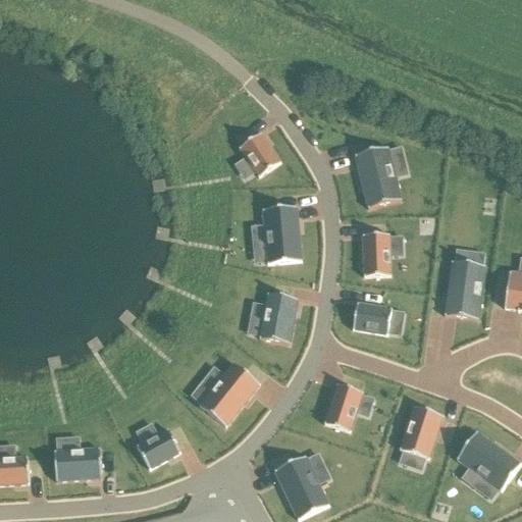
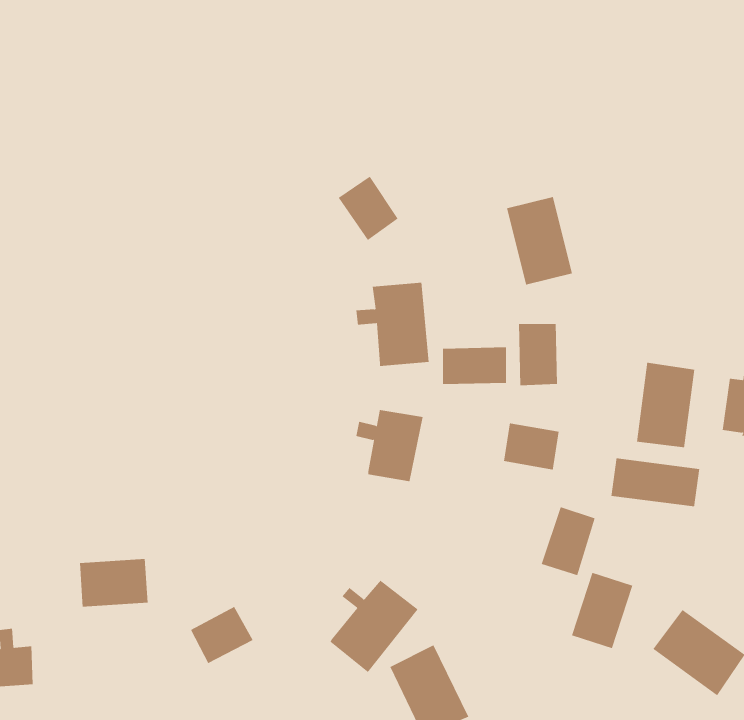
building: none -> [442,347,507,385]
building: none -> [611,458,700,507]
building: [199,362,260,426] -> [330,580,418,673]
building: [324,383,362,431] -> [541,506,596,576]
building: [54,447,102,480] -> [79,558,148,607]

